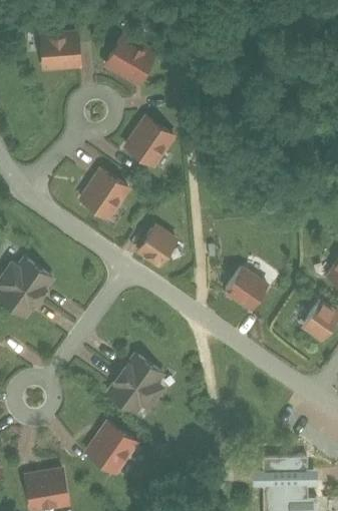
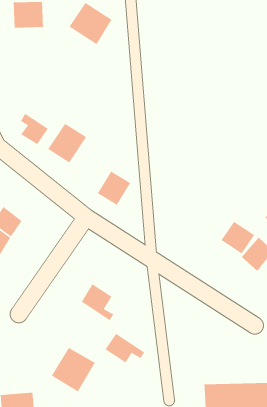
building: [127,117,171,162] -> none
building: none -> [20,113,49,145]
building: [228,270,267,308] -> [221,221,255,254]
building: [106,375,152,410] -> [105,333,145,364]

